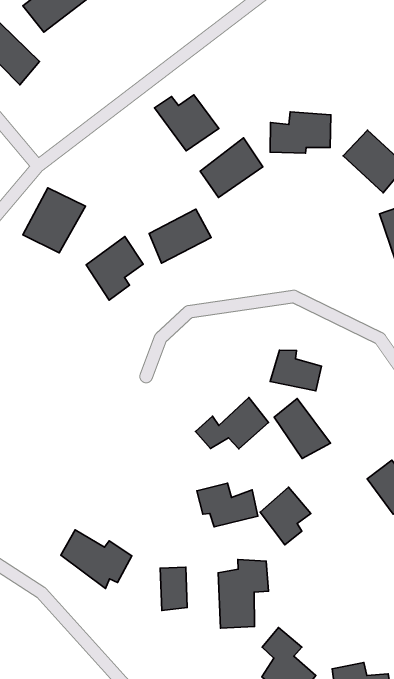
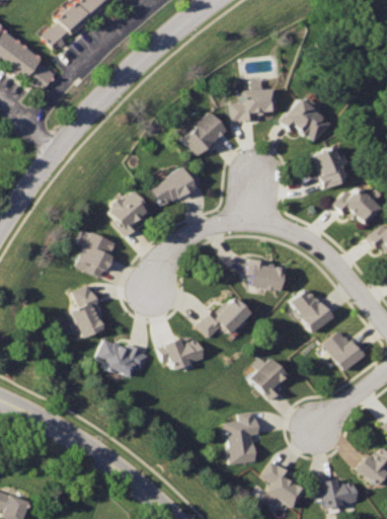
building: [155,95,219,151] -> none
building: [23,188,86,253] -> [77,232,120,278]
building: none -> [72,283,104,339]
building: [274,398,331,458] -> [292,288,334,330]
building: [197,483,258,527] -> [160,338,206,370]
building: [61,530,132,588] -> [98,339,149,378]
building: [160,567,187,611] -> none

